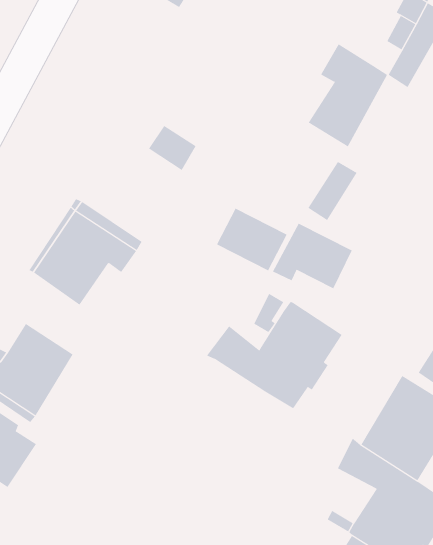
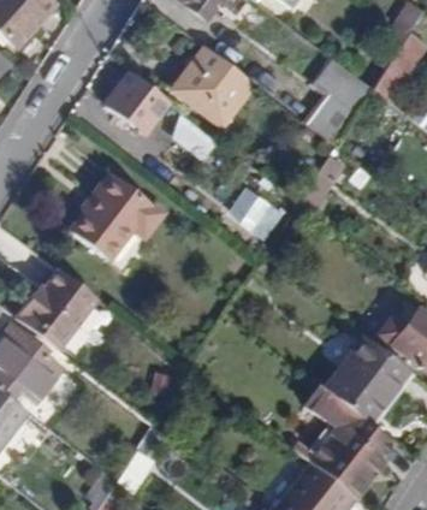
building: none -> [171,47,253,129]
building: none -> [107,73,167,135]
building: [272,223,352,289] -> none
building: [206,301,342,409] -> none

